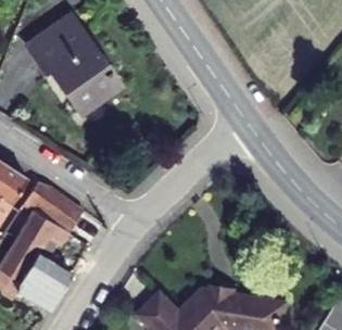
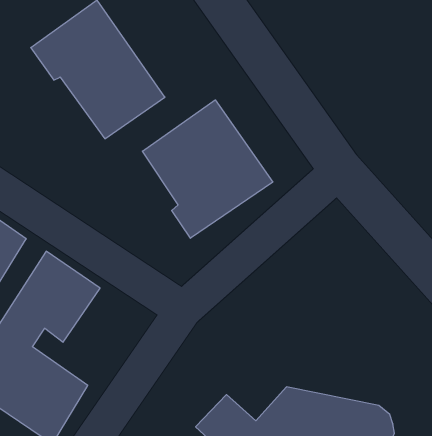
building: none -> [142,100,273,238]

